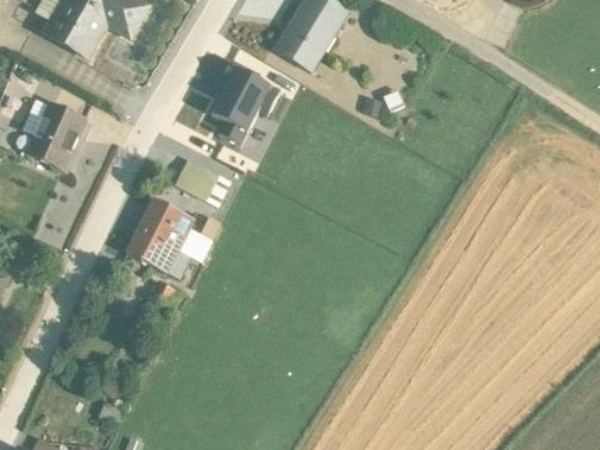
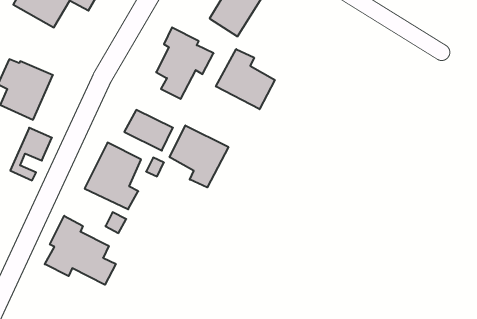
building: none -> [216,49,275,109]
building: none -> [170,125,228,187]
building: none -> [45,216,116,285]

